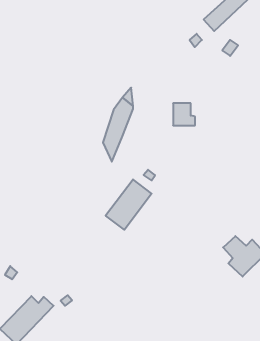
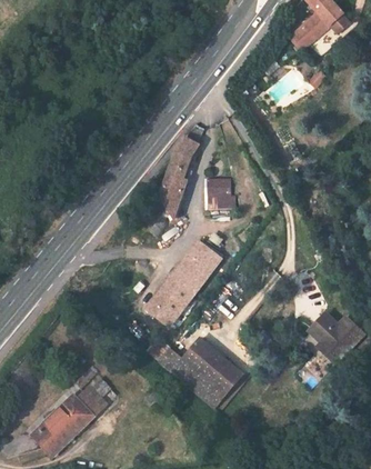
building: [173,103,195,125] -> [208,180,235,208]
building: none -> [147,285,188,326]
building: none -> [161,338,242,407]

